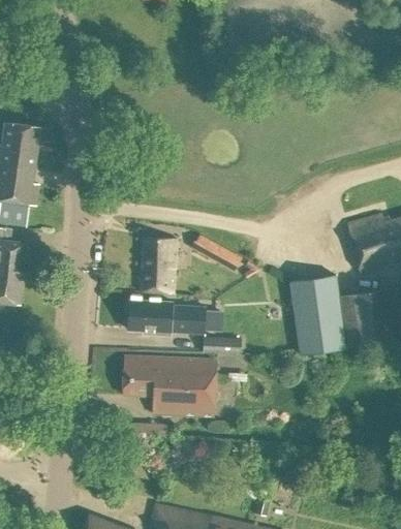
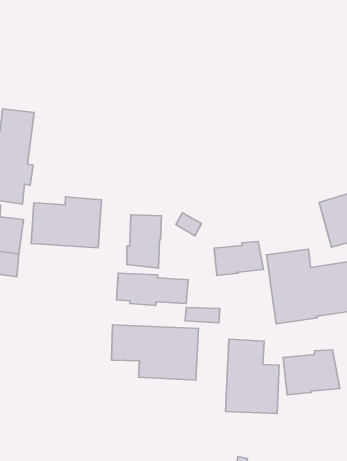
building: none -> [31,197,102,248]
building: none -> [214,242,264,275]
building: none -> [226,339,279,413]
building: none -> [283,350,340,395]

